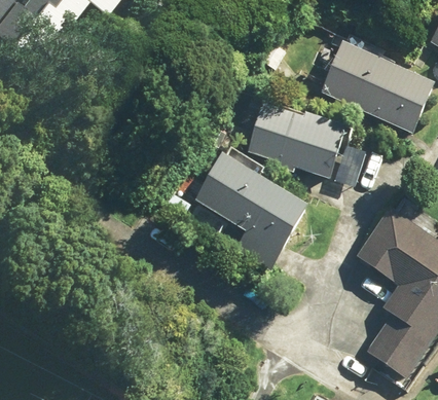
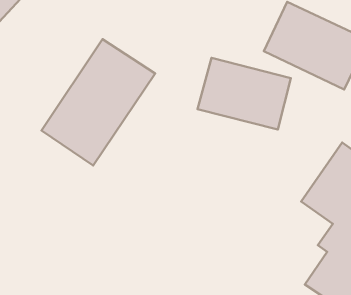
building: none -> [41,39,155,165]
building: [191,148,312,276] -> none

